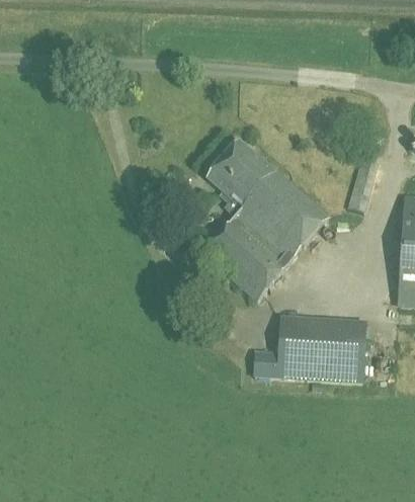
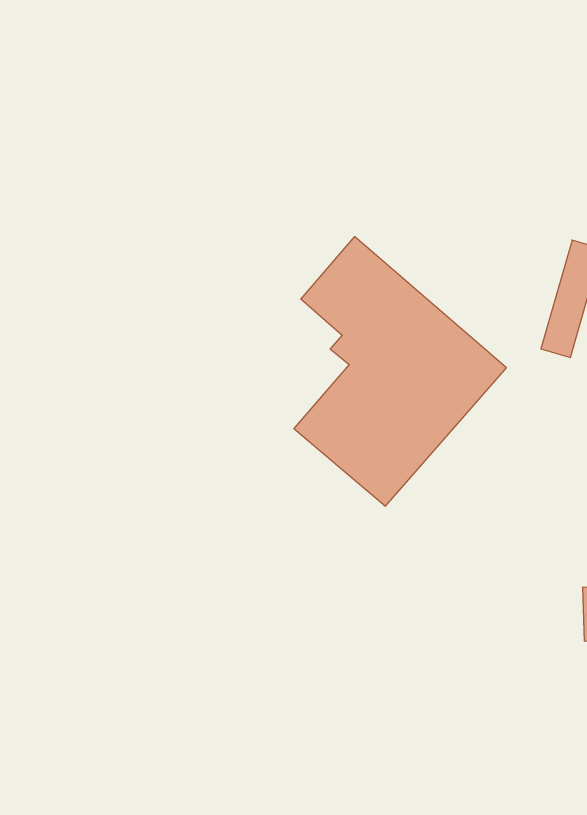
building: [255,319,366,382] -> none

